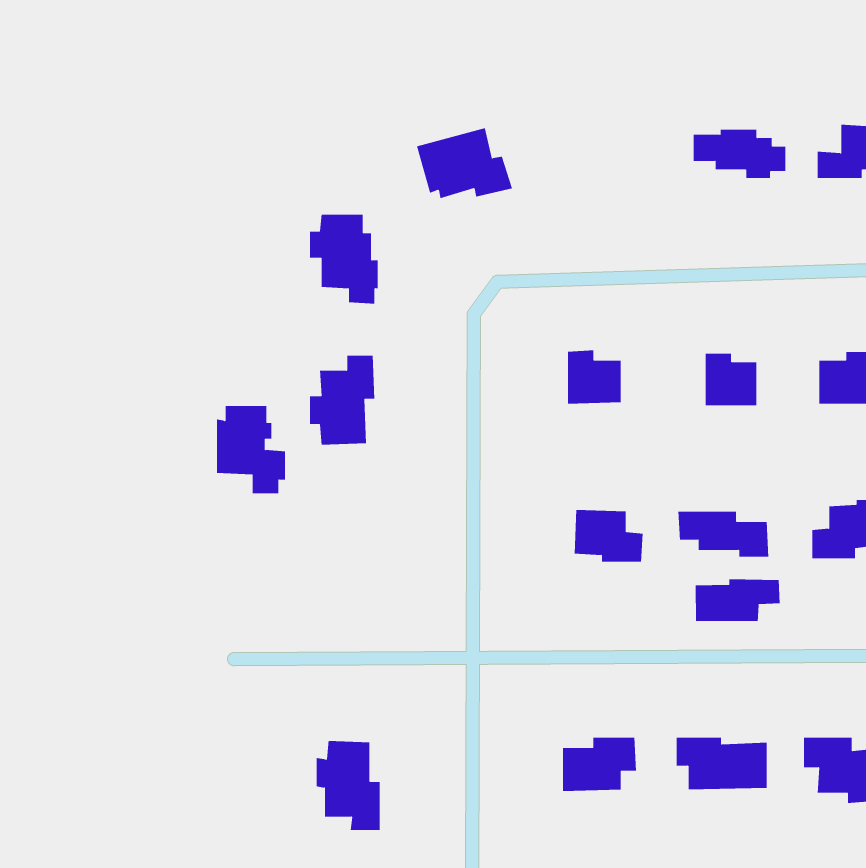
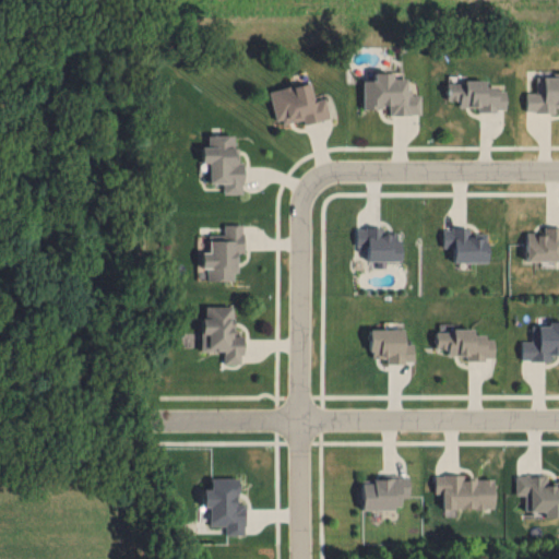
building: none -> [368,76,423,119]
building: [216,405,286,494] -> [200,311,245,368]
building: [695,578,780,622] -> none

